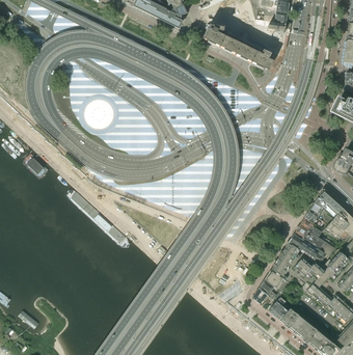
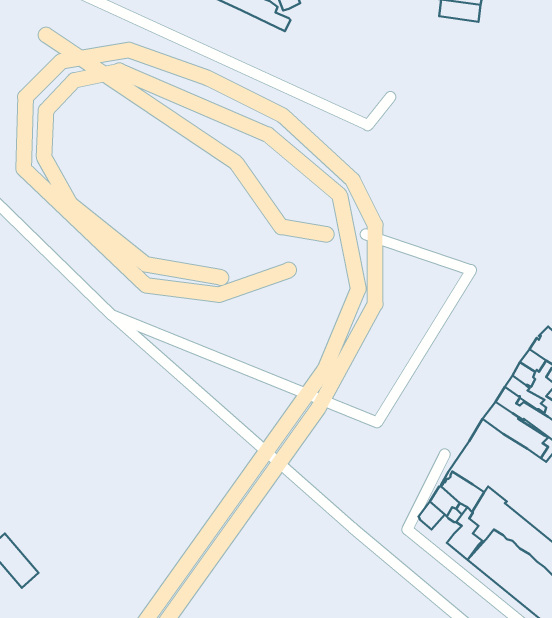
building: [203,25,274,71] -> none

